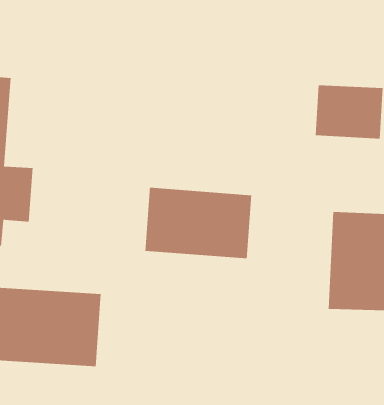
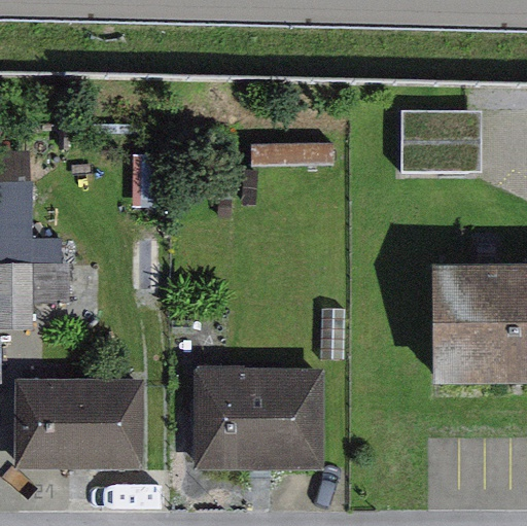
building: [145,187,252,259] -> none
building: none -> [198,366,329,471]

